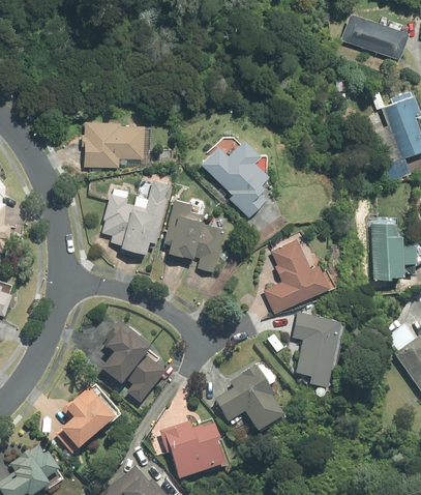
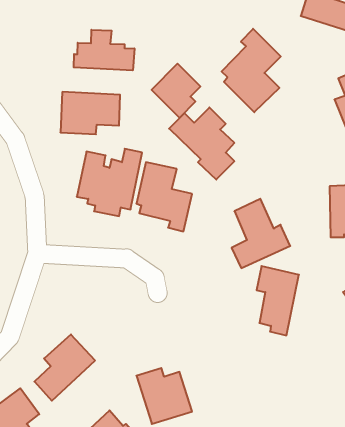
building: none -> [222,29,281,112]
building: none -> [74,30,134,70]
building: none -> [152,64,200,118]
building: [98,321,168,404] -> none
building: [215,366,284,430] -> none

